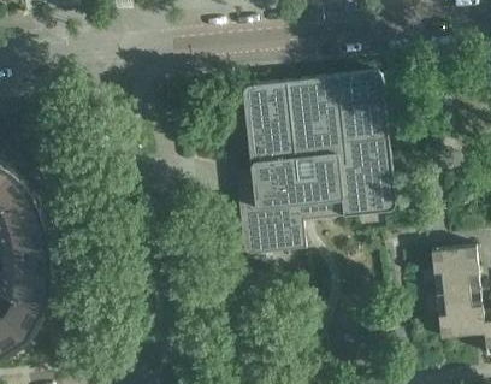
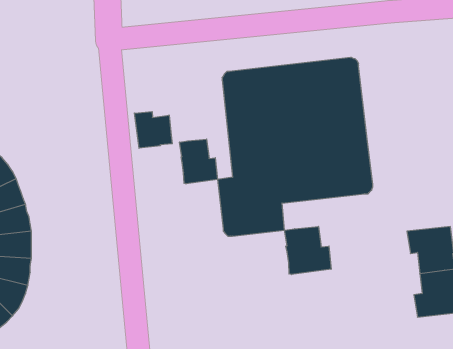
building: none -> [134,112,172,148]
building: none -> [180,139,217,184]
building: none -> [284,226,331,275]

